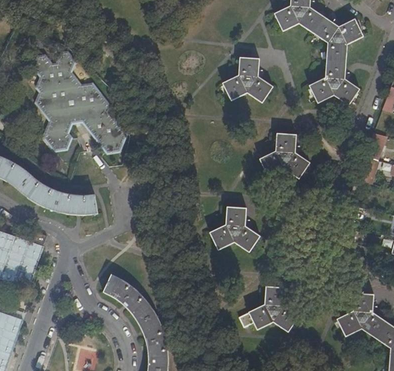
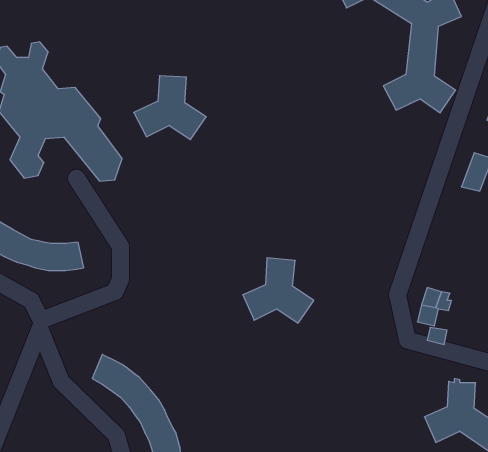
building: [222,57,273,102] -> [134,76,206,140]
building: [260,133,310,178] -> none
building: [239,287,299,332] -> none

